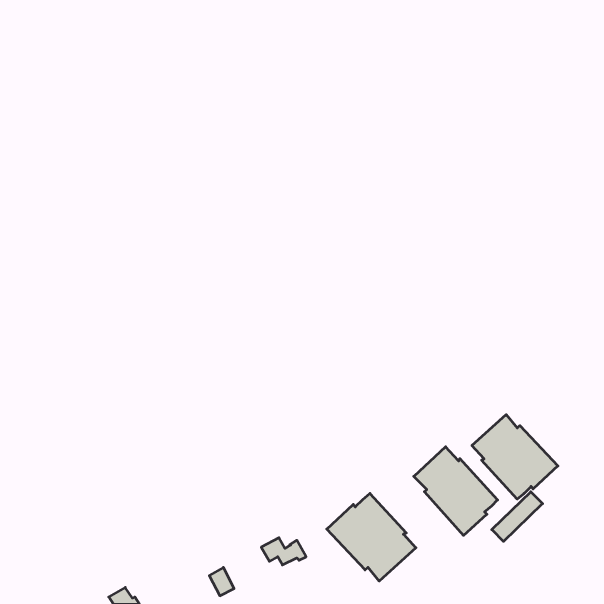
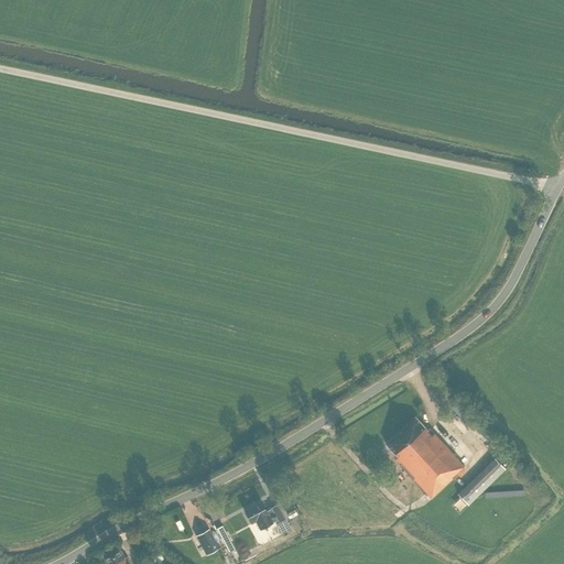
building: [472,415,558,499] -> none
building: [327,493,416,581] -> none

